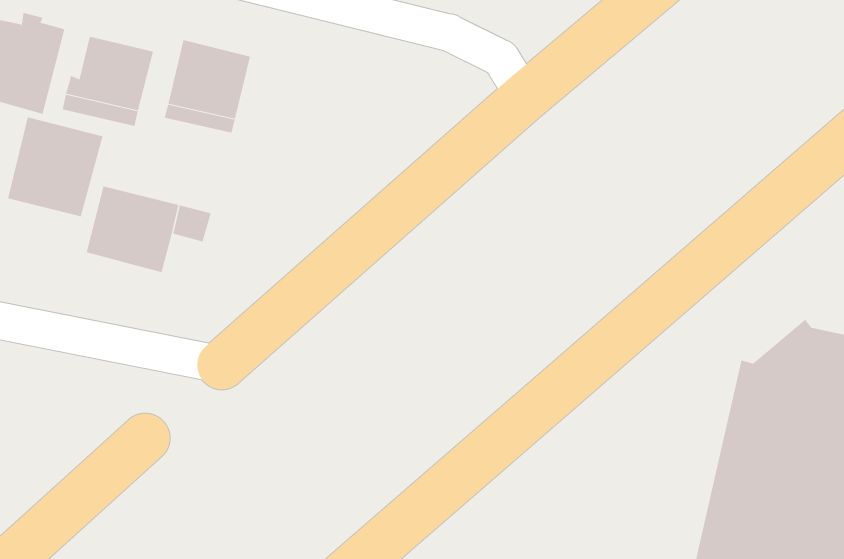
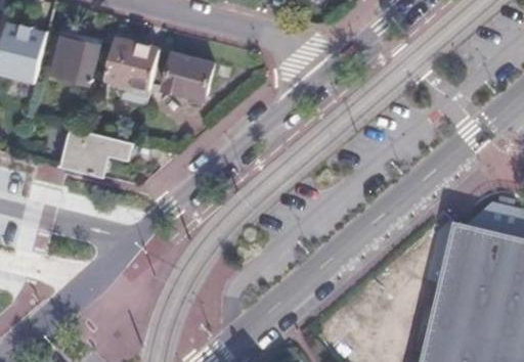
building: none -> [164,52,214,98]
building: [8,116,103,217] -> none

